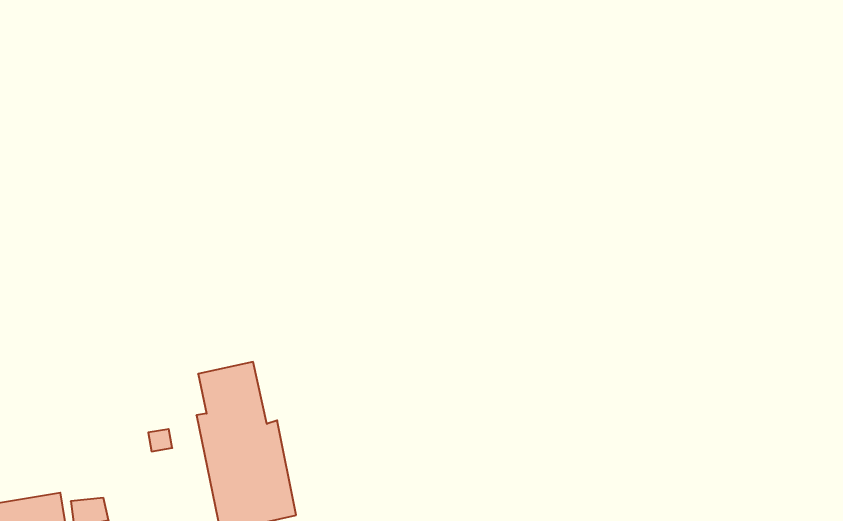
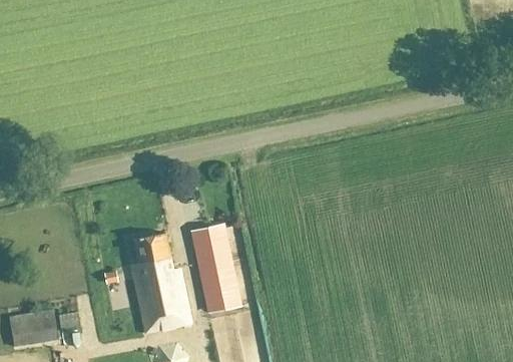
building: none -> [191,224,240,311]

